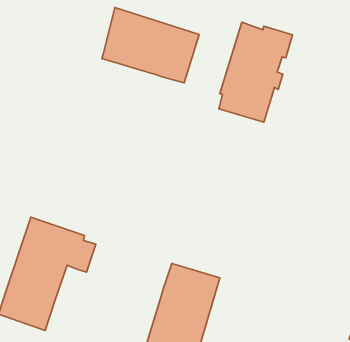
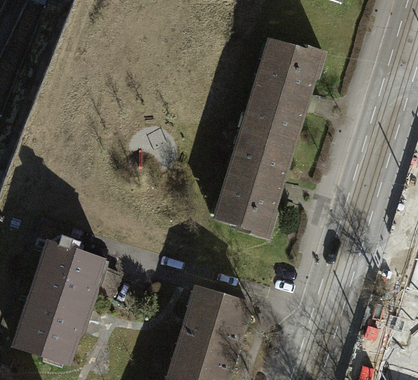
building: [102,8,199,83] -> none
building: none -> [214,130,292,236]

